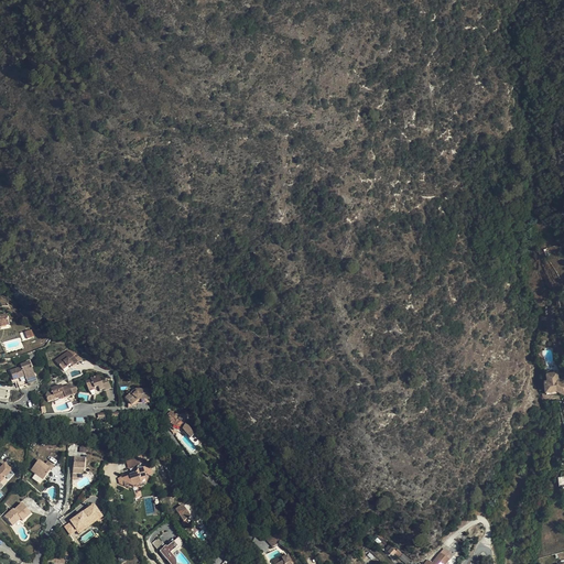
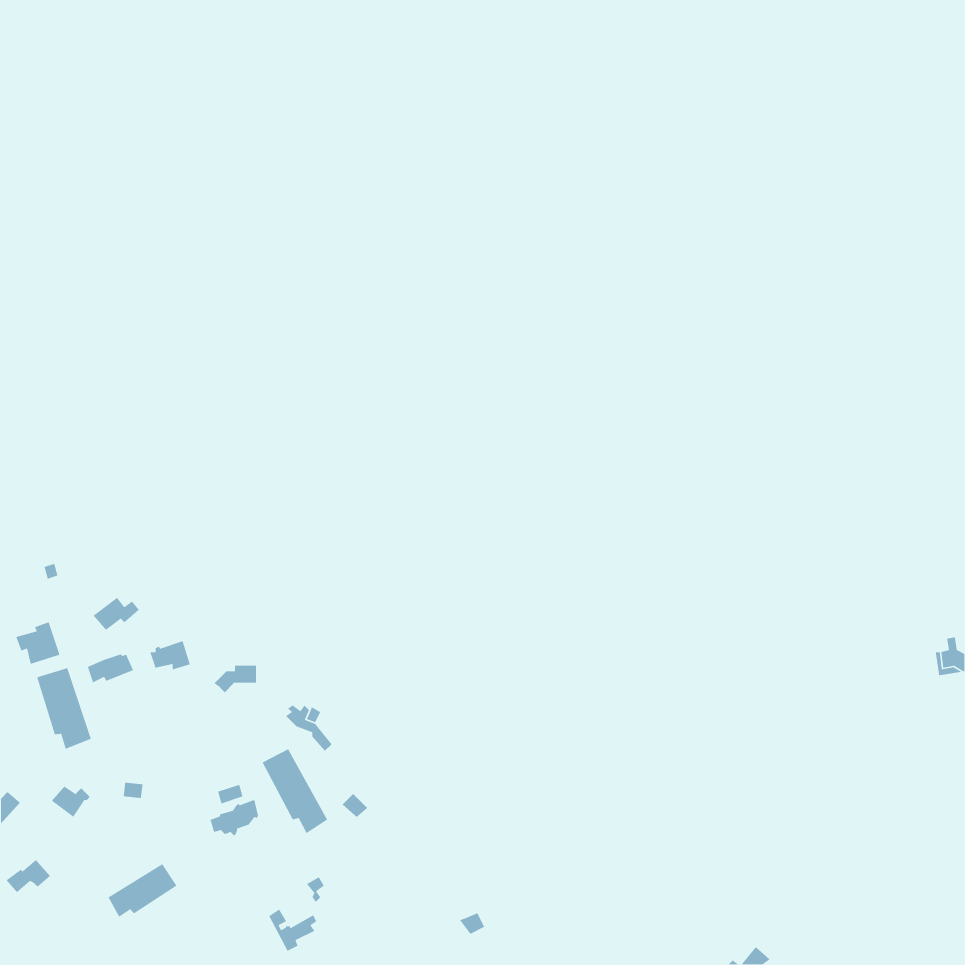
building: none -> [36,667,92,750]
building: none -> [261,748,328,834]

